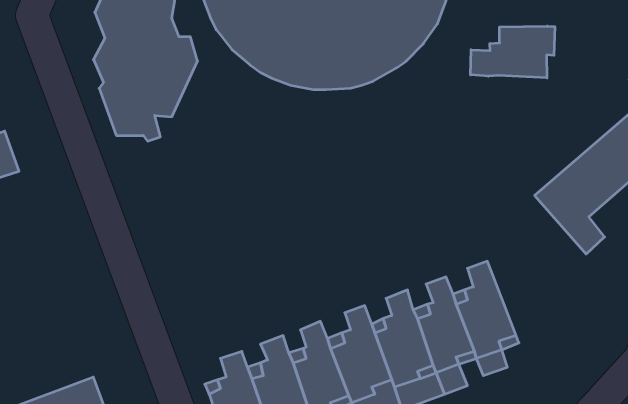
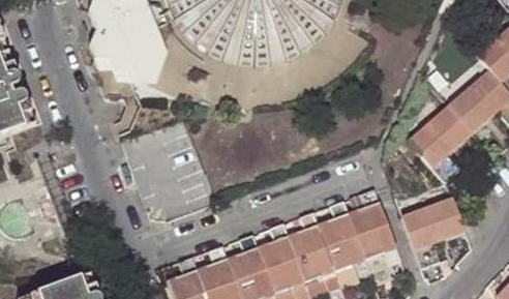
building: [471,26,555,78] -> none
building: none -> [397,199,462,270]

